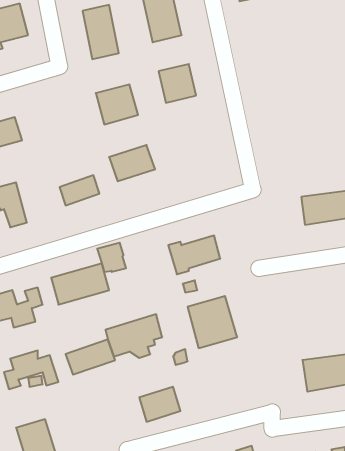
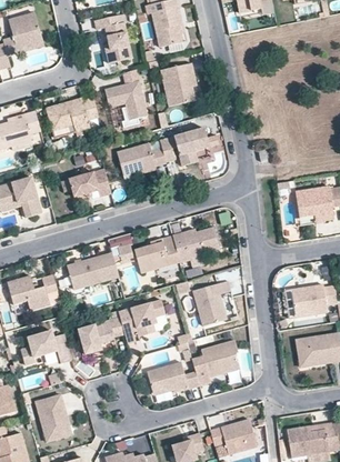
building: none -> [49,99,93,135]
building: none -> [162,127,213,164]
building: none -> [134,234,181,271]
building: none -> [293,285,328,318]
building: none -> [201,341,239,375]

